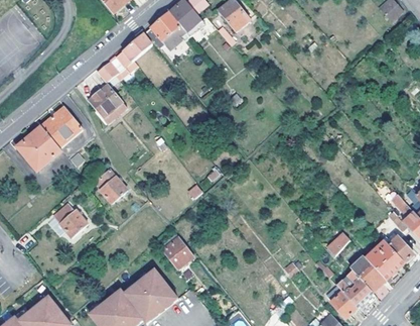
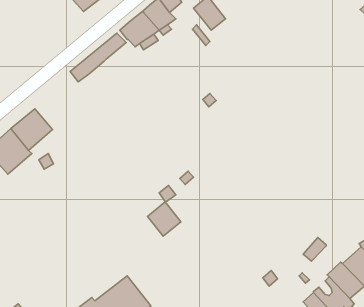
building: [89,84,127,123] -> none
building: [97,170,127,203] -> none
building: [48,205,88,237] -> none
building: [161,236,193,269] -> [148,202,181,236]

